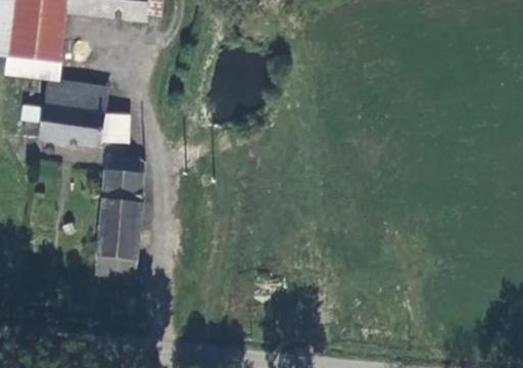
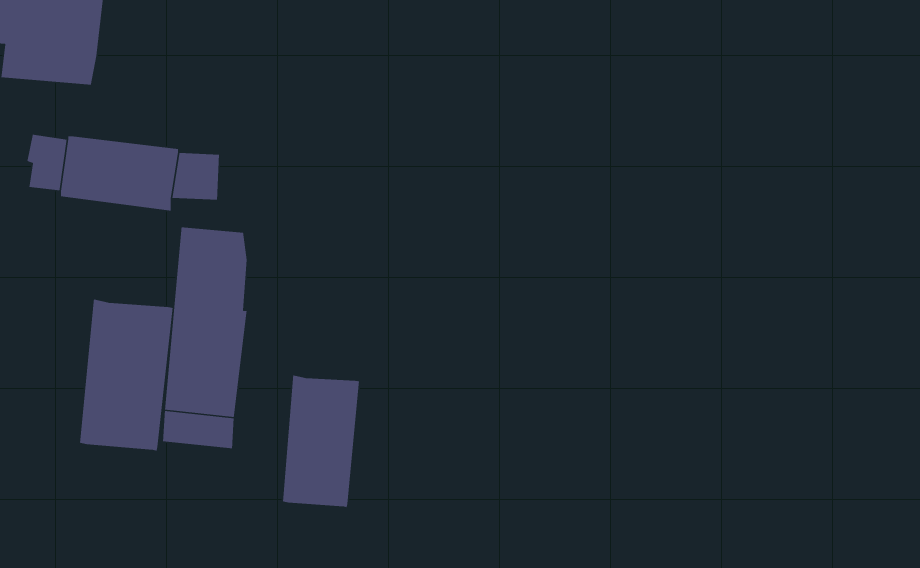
building: [46,78,108,111] -> none
building: none -> [79,298,173,452]
building: none -> [282,374,360,508]

